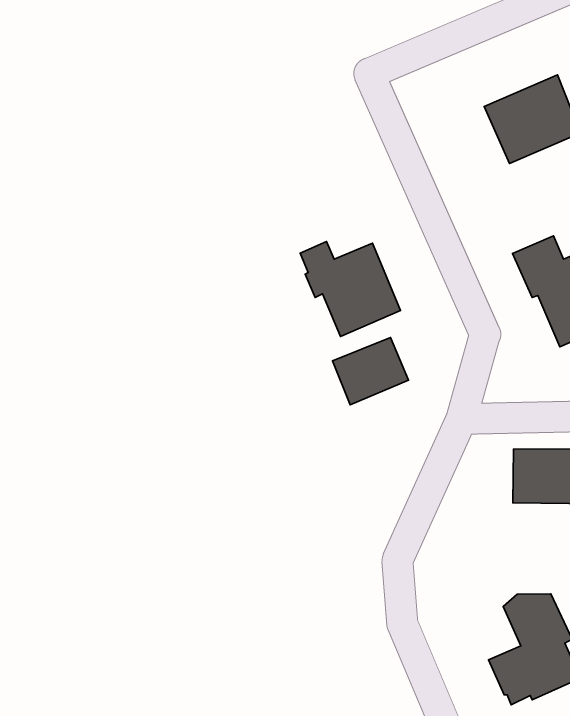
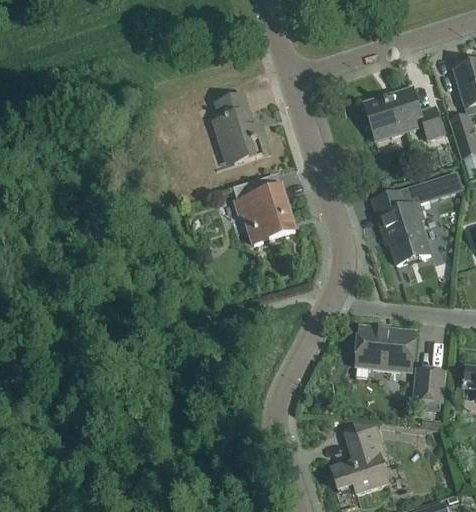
building: none -> [212,91,269,163]
building: [332,337,409,405] -> none

